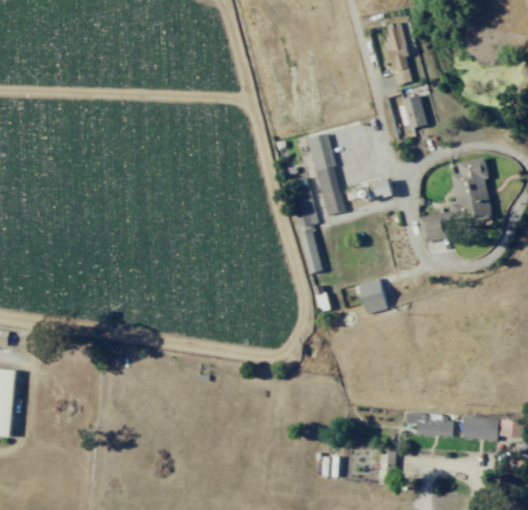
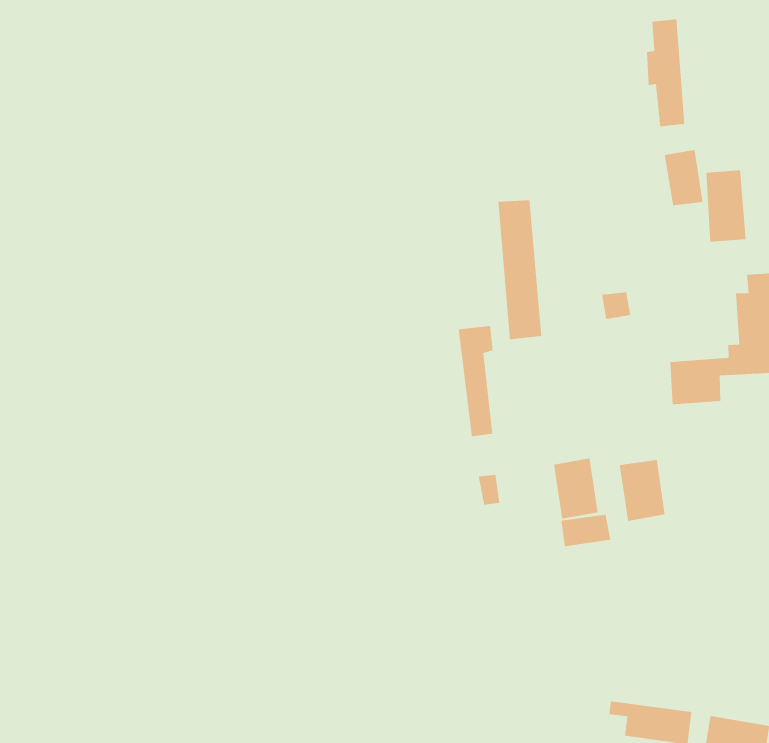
building: none -> [705,169,747,242]
building: none -> [619,459,665,522]
building: none -> [560,514,611,547]

